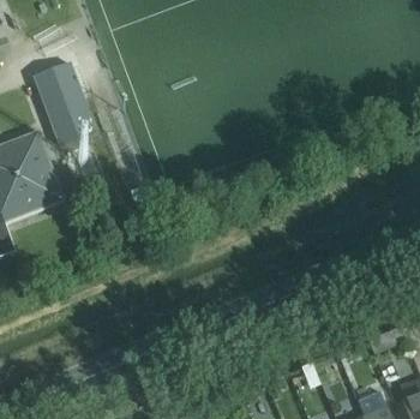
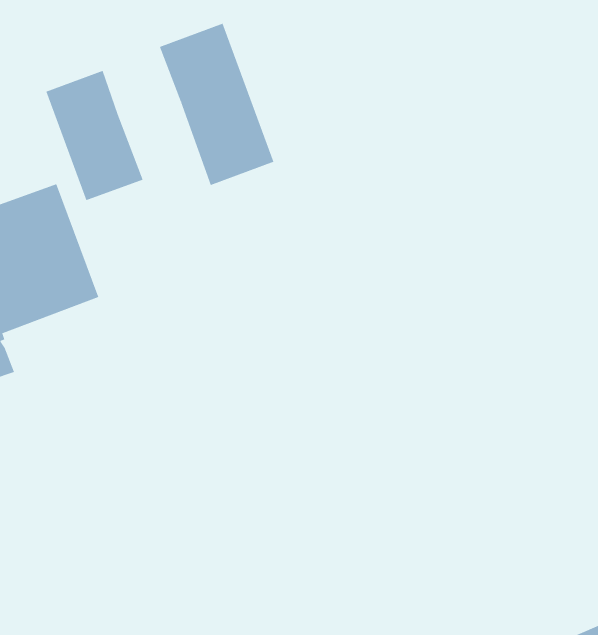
building: none -> [159,23,274,186]

